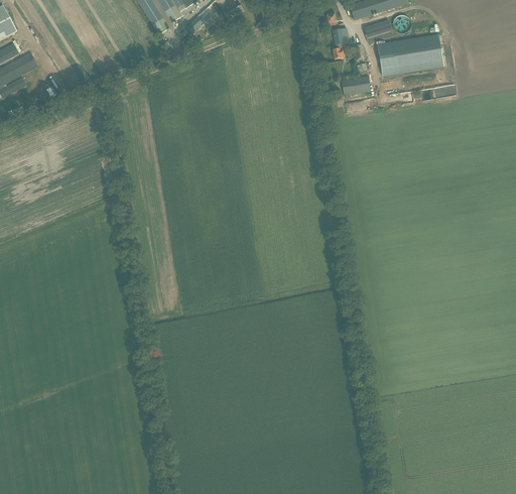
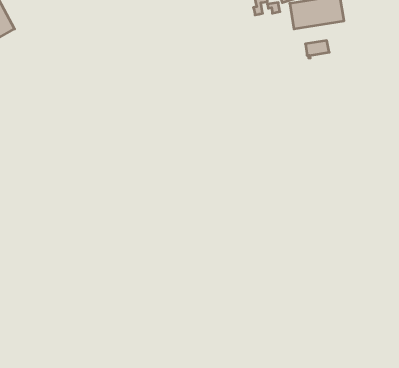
building: [341,75,370,96] -> [305,41,329,58]

